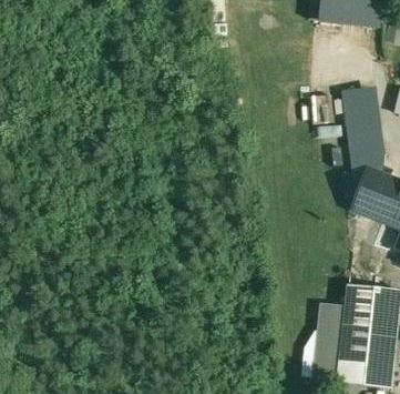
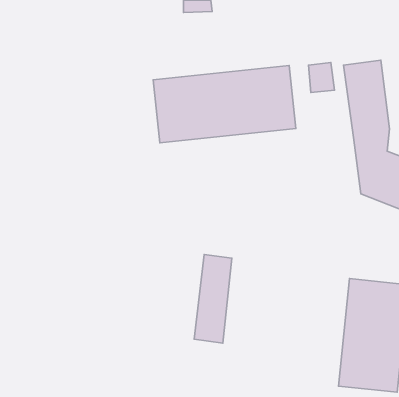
building: none -> [153,66,296,143]
building: [312,302,346,381] -> [194,254,232,343]

